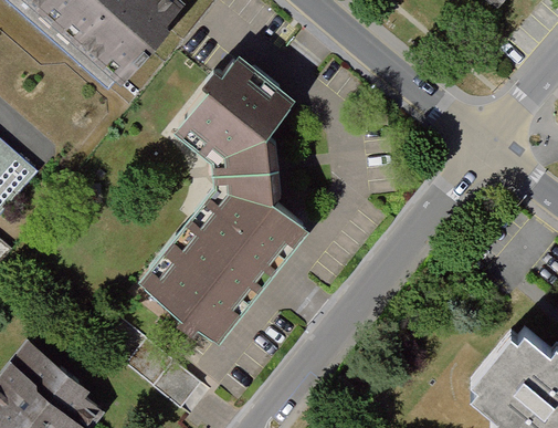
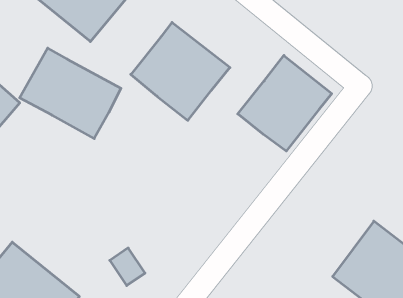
building: none -> [20,48,121,139]
building: none -> [238,55,332,151]
building: [141,146,292,338] -> none

